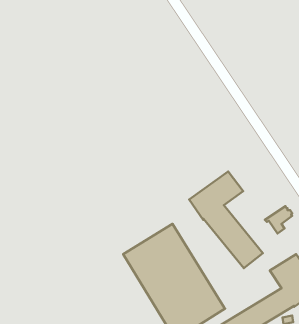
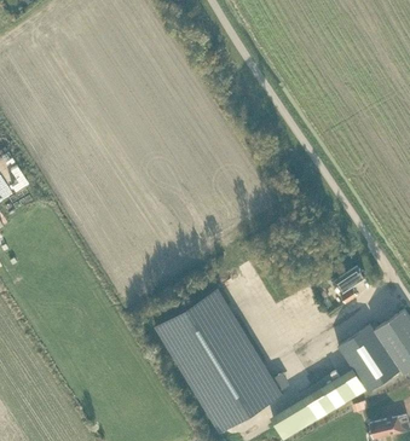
building: [189,172,263,268] -> none

